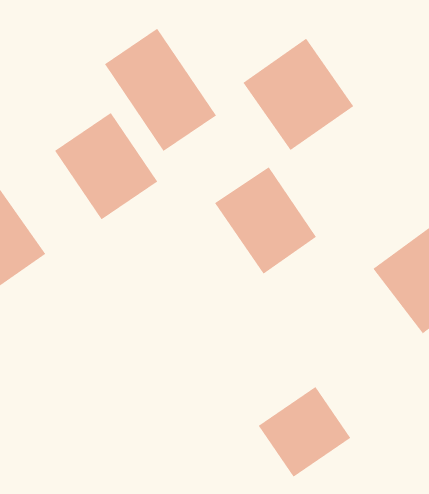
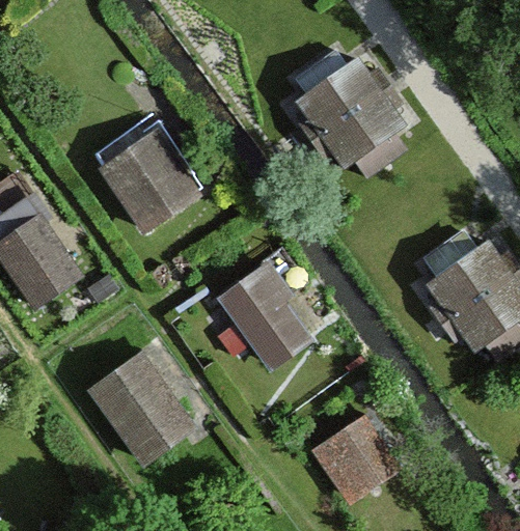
building: [104,28,217,152] -> none
building: [214,166,317,274] -> [212,258,317,368]
building: none -> [83,341,210,470]

